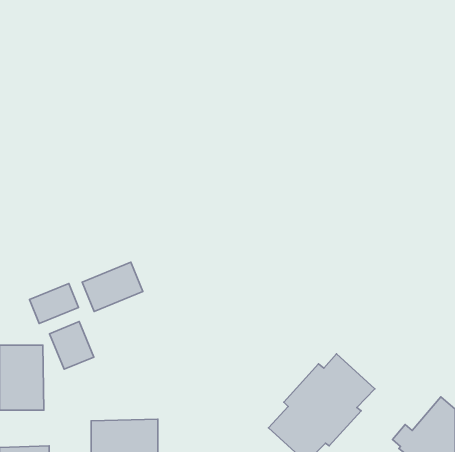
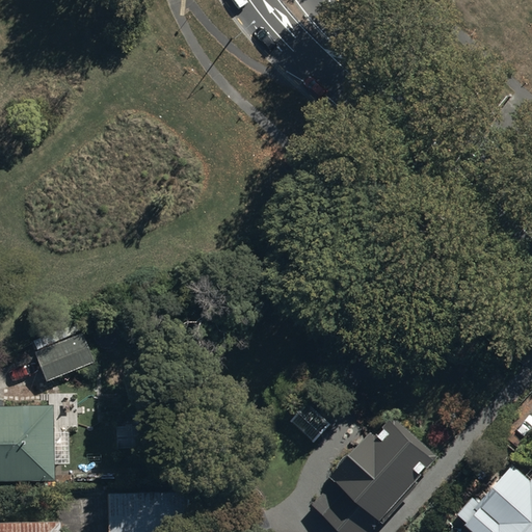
building: [82,262,143,311] -> none
building: [50,322,94,369] -> none

